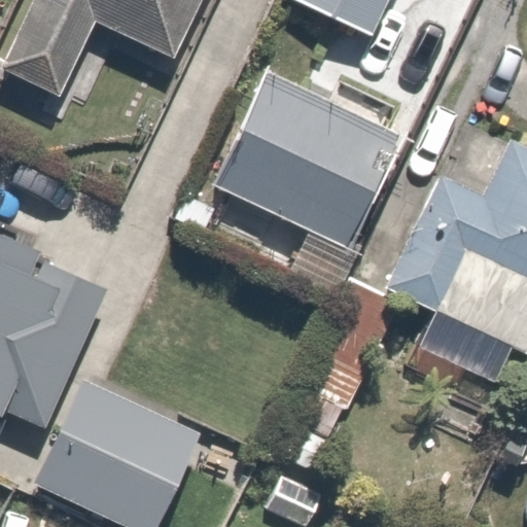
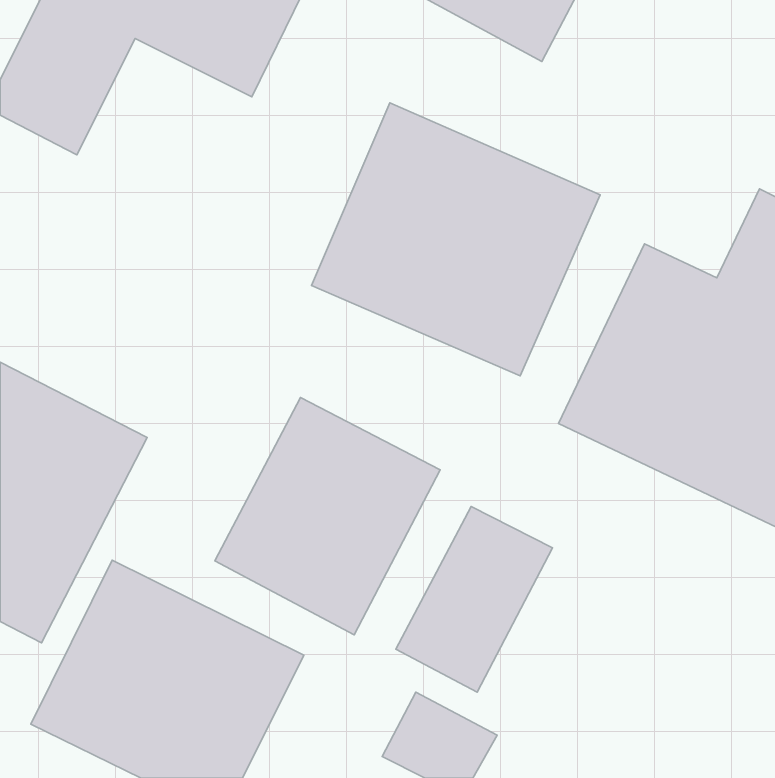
building: none -> [215,398,440,635]

